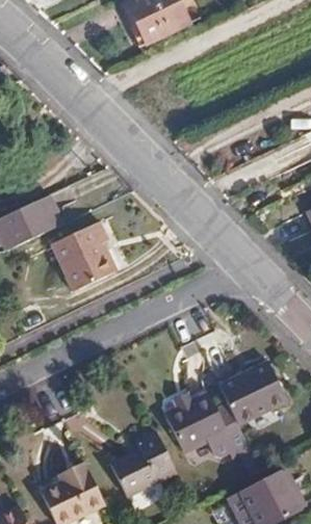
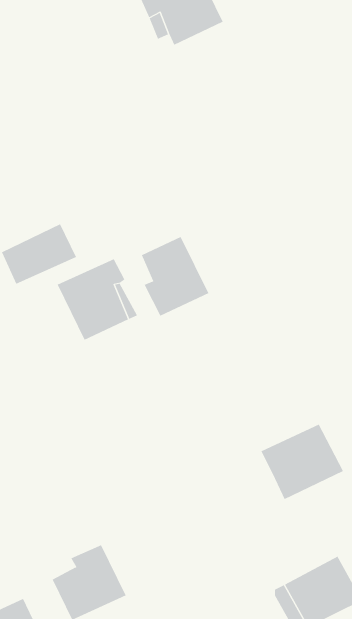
building: none -> [141,236,209,317]
building: [165,391,252,457] -> none
building: [112,430,179,496] -> none

